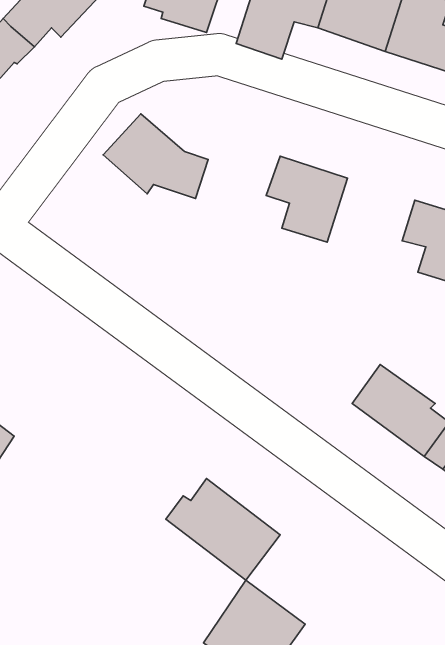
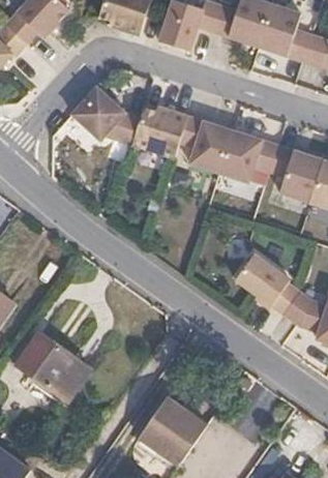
building: none -> [132,107,188,157]
building: none -> [219,130,277,182]
building: [166,479,280,580] -> [11,331,87,398]

